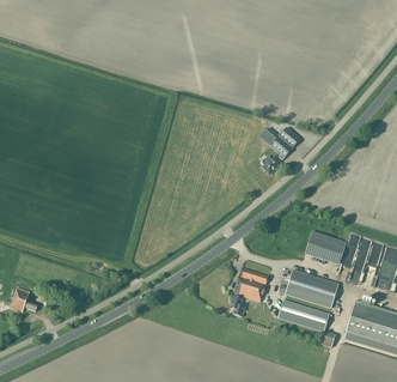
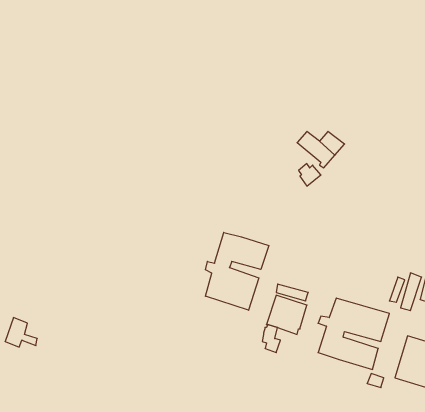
building: none -> [205,232,269,310]
building: [306,231,346,260] -> none

